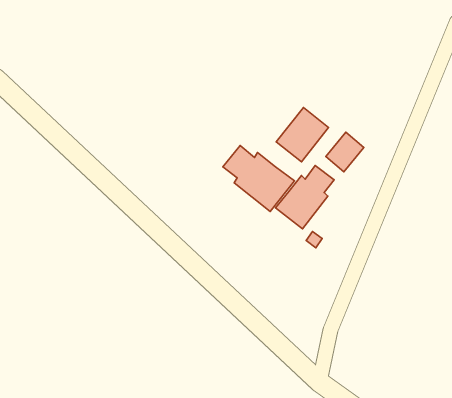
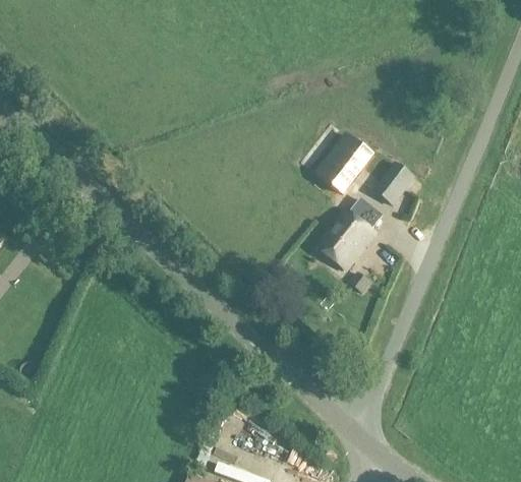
building: [223,146,294,211] -> none

